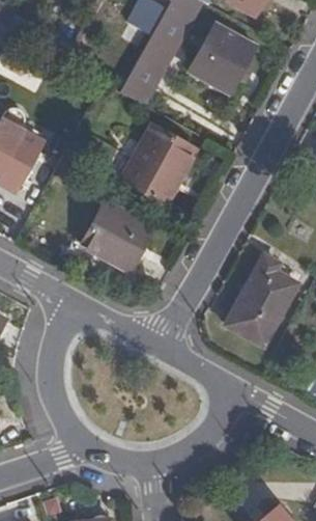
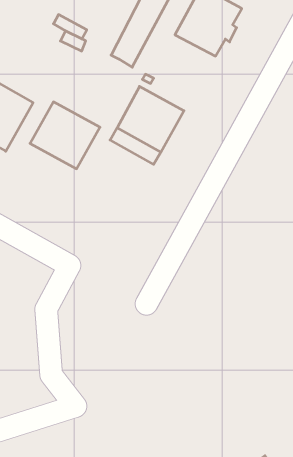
building: [82,202,153,271] -> [30,102,100,169]
building: [225,254,297,344] -> none

